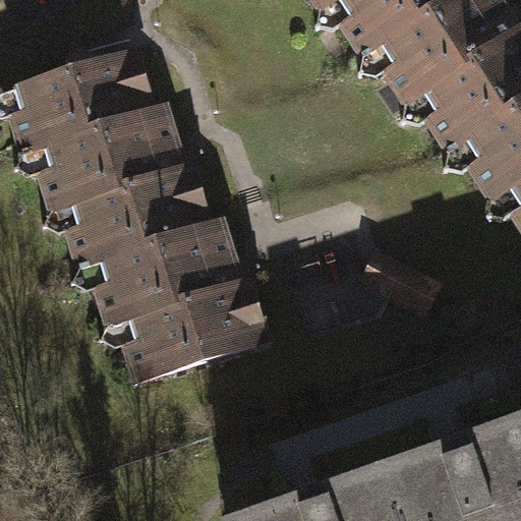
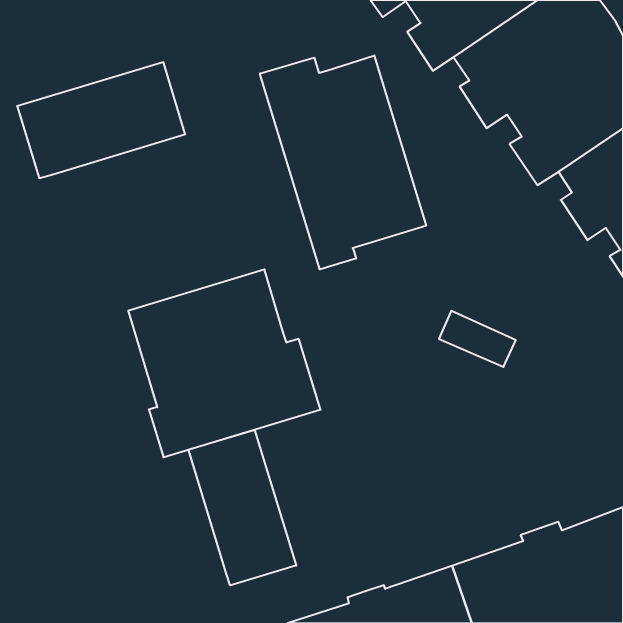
building: none -> [260,55,426,269]
building: [40,108,211,267] -> none
building: none -> [189,430,296,585]

